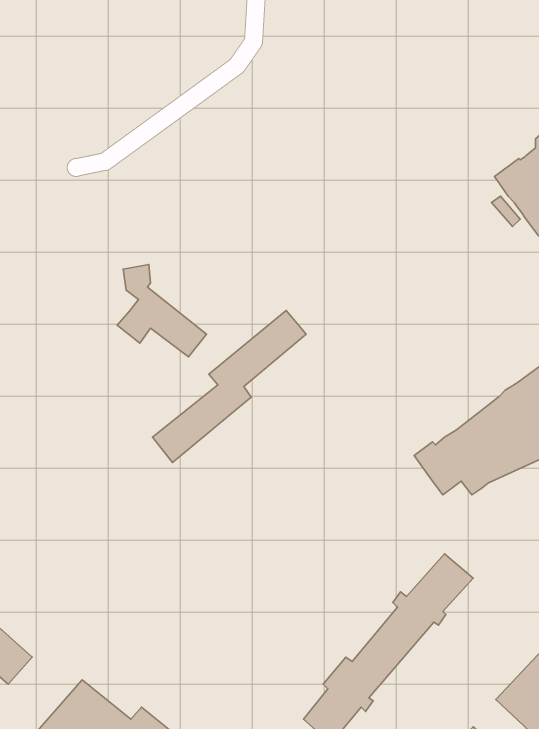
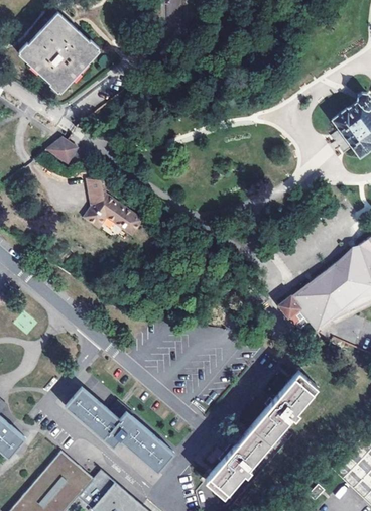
building: none -> [19,12,100,93]
building: none -> [47,138,78,164]
building: [153,311,306,462] -> none
building: none -> [66,388,172,472]

